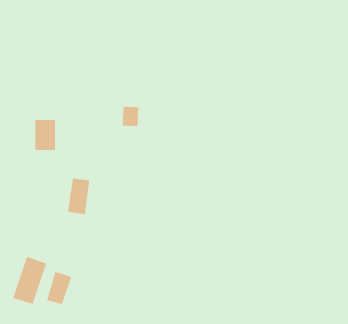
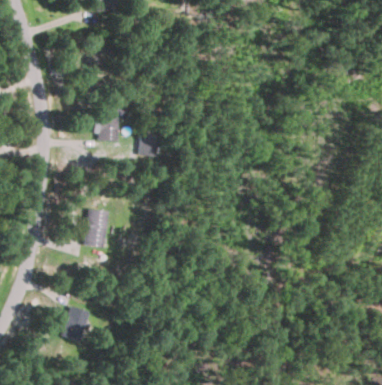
building: [35,119,56,151] -> [96,109,118,142]
building: [12,256,47,305] -> none

